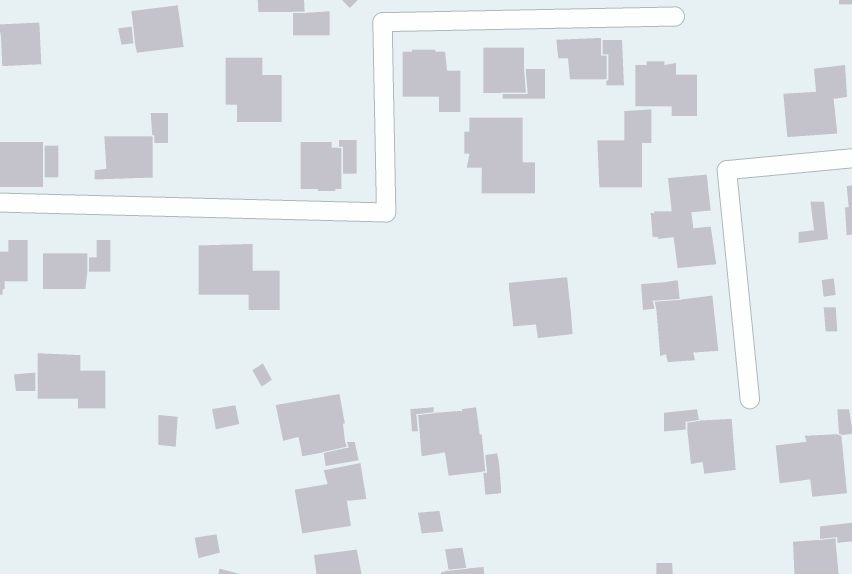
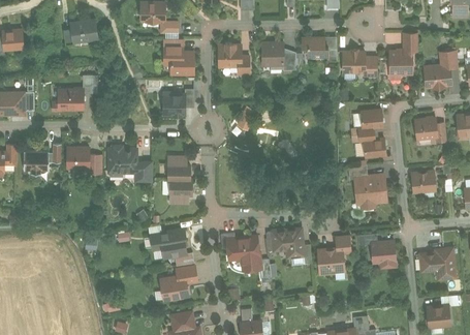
building: [225,57,282,123] -> [162,41,193,77]
building: [597,109,652,188] -> [387,33,417,75]
building: [464,117,536,194] -> none
building: none -> [412,117,438,142]
building: none -> [166,155,192,195]
building: [508,277,574,338] -> [270,226,305,260]
building: none -> [409,172,436,196]
building: [37,353,106,409] -> [65,146,102,176]
building: none -> [316,238,352,278]

